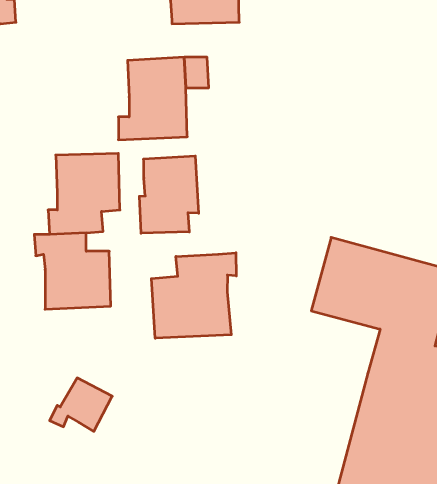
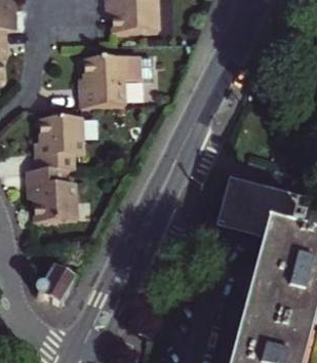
building: [139,156,199,233] -> none
building: [151,253,236,338] -> none

